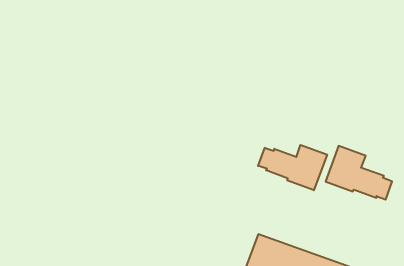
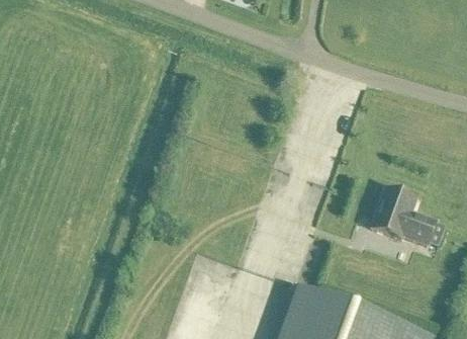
building: [258,145,327,190] -> none

